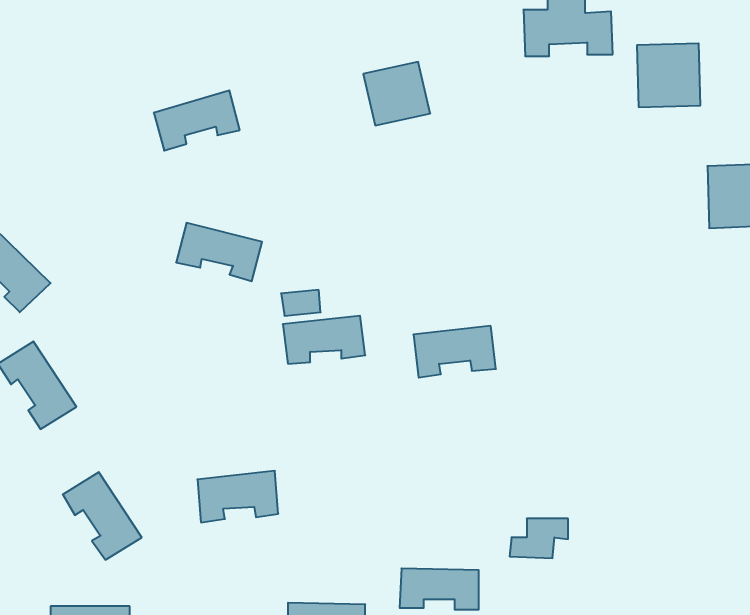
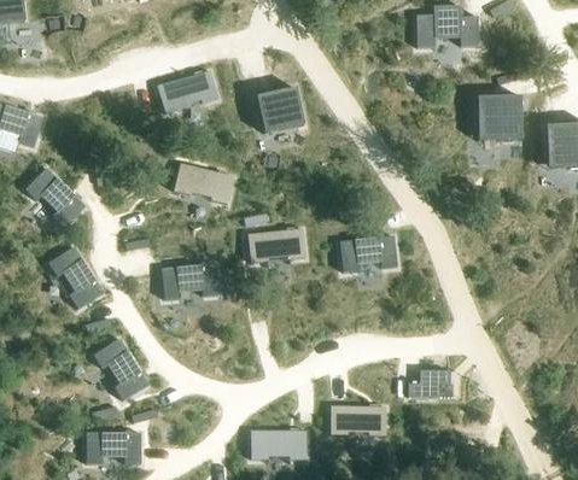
building: [637,43,700,107] -> [478,95,522,140]
building: [363,62,430,125] -> [258,88,305,133]
building: [197,471,278,522] -> [162,264,218,300]

